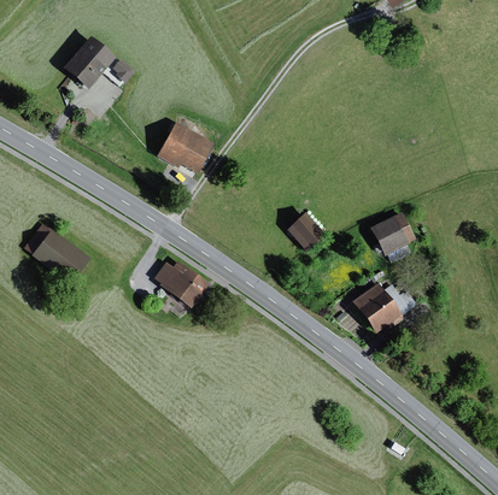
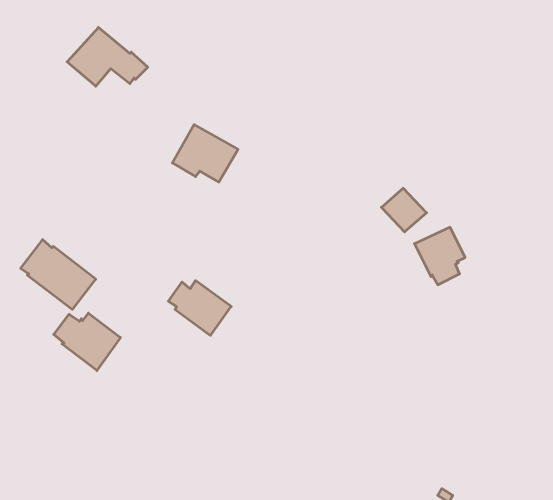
building: [286,213,326,252] -> [381,188,427,232]
building: [351,283,417,334] -> none
building: none -> [54,313,120,371]

